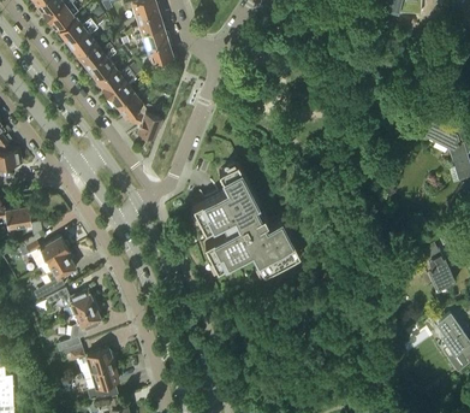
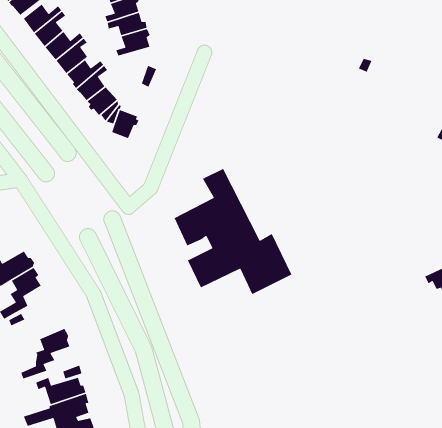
building: [63,293,96,320] -> none

